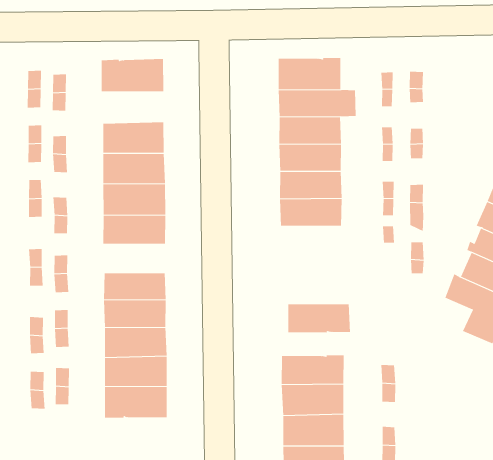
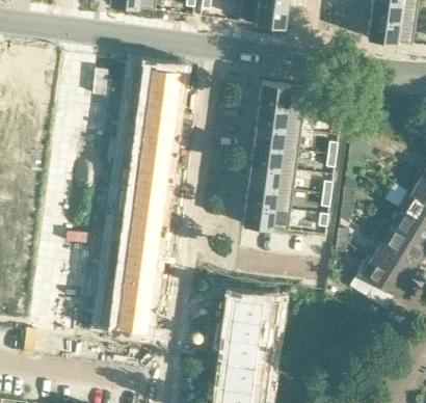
building: none -> [128,88,176,116]
building: none -> [113,198,161,225]
building: [287,304,351,333] -> [242,204,290,231]

